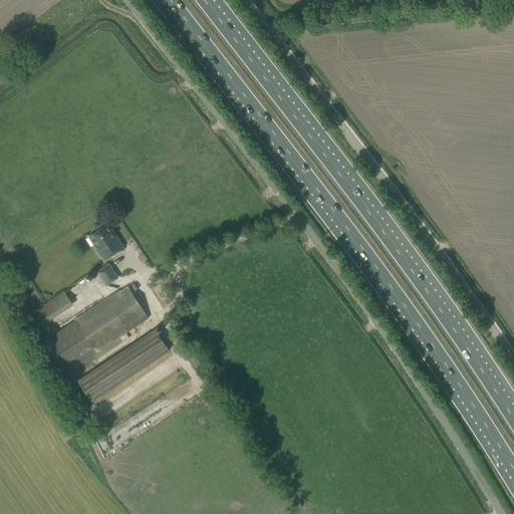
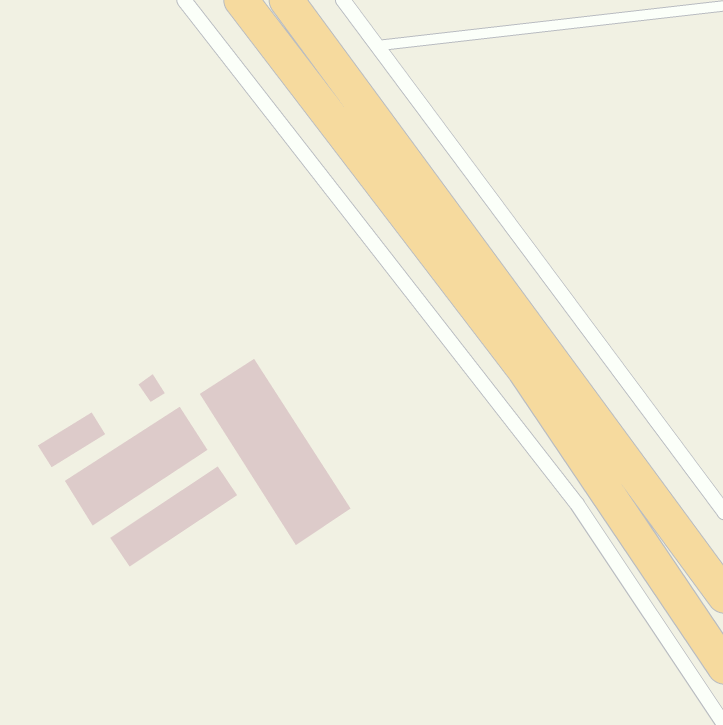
building: [89,222,124,260] -> none
building: none -> [199,358,352,546]

